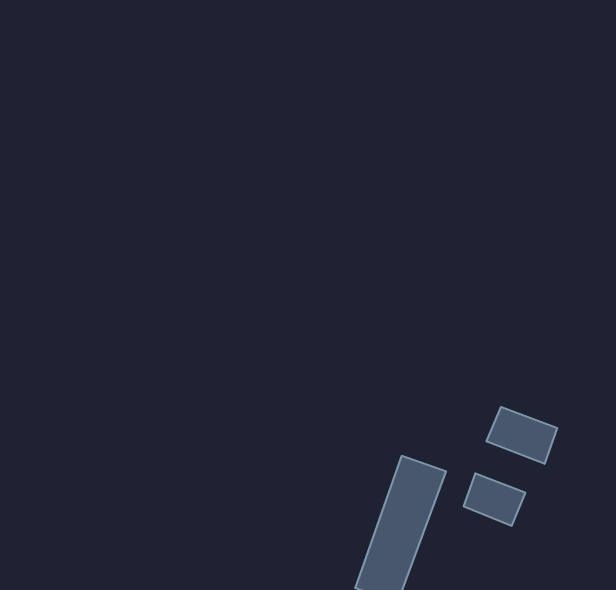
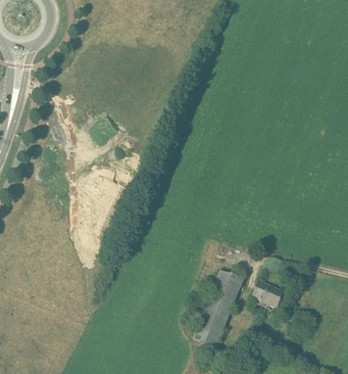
building: [487,407,557,464] -> none

